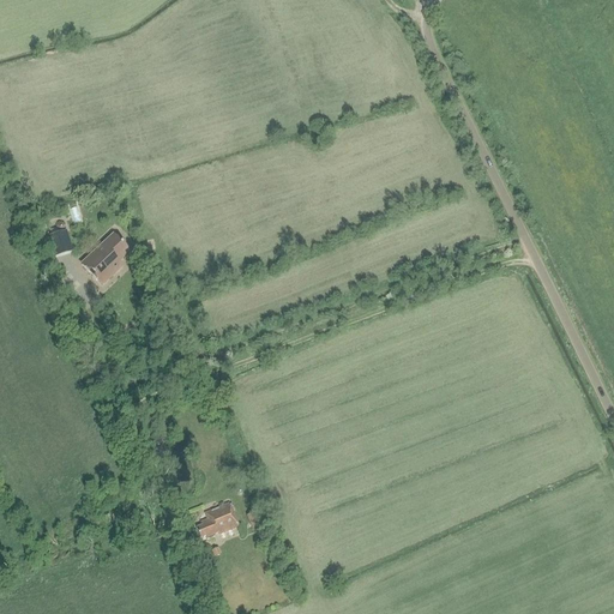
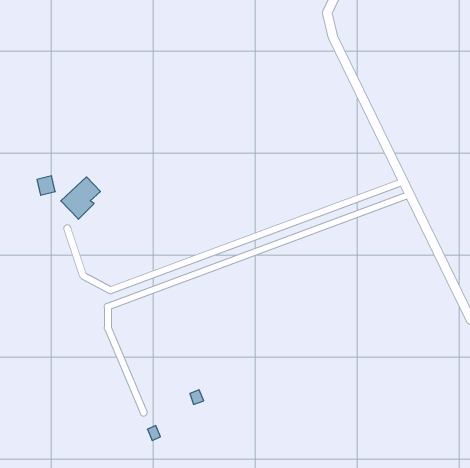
building: [197,501,239,536] -> none

